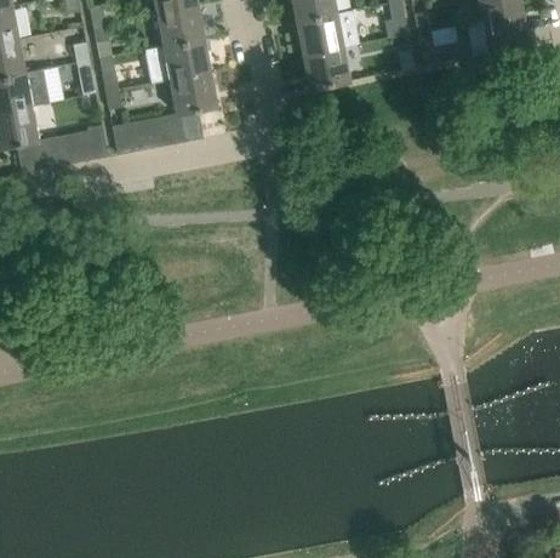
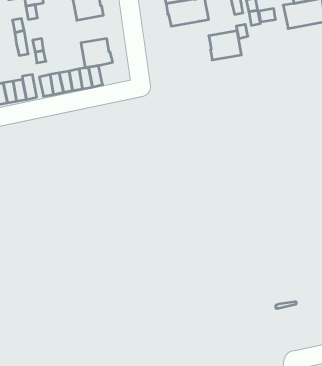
building: [145,36,210,81] -> none
building: [303,45,350,87] -> [209,31,241,60]

